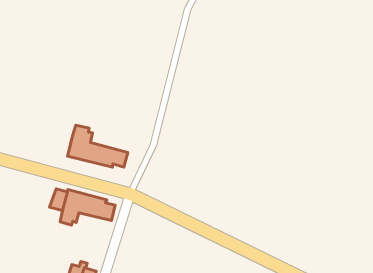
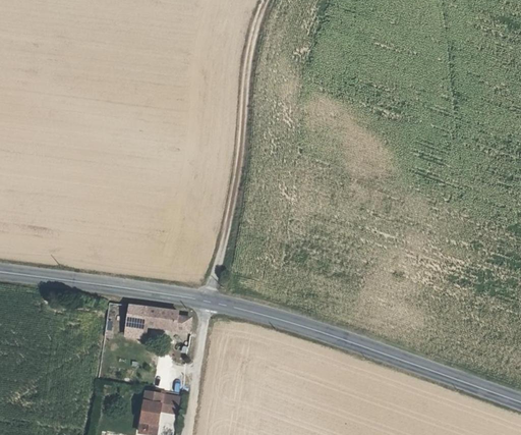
building: [67,125,128,167] -> none

